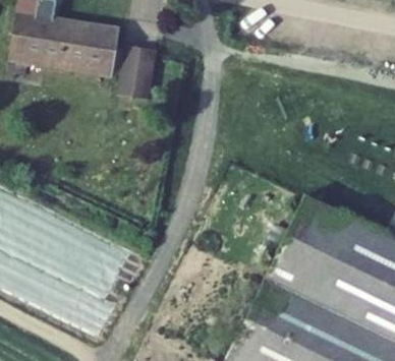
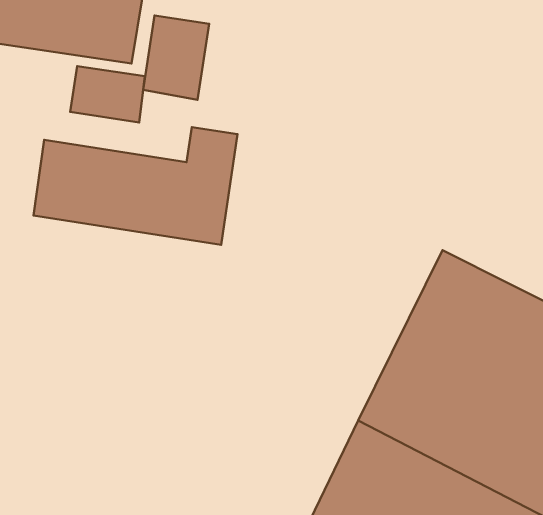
building: none -> [70,66,145,122]
building: none -> [33,127,237,245]

